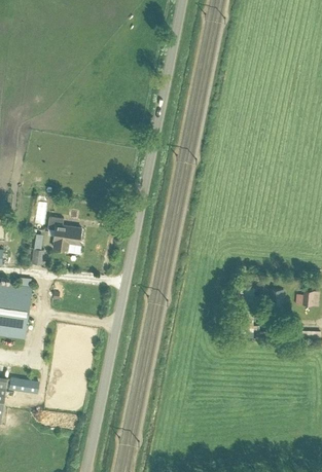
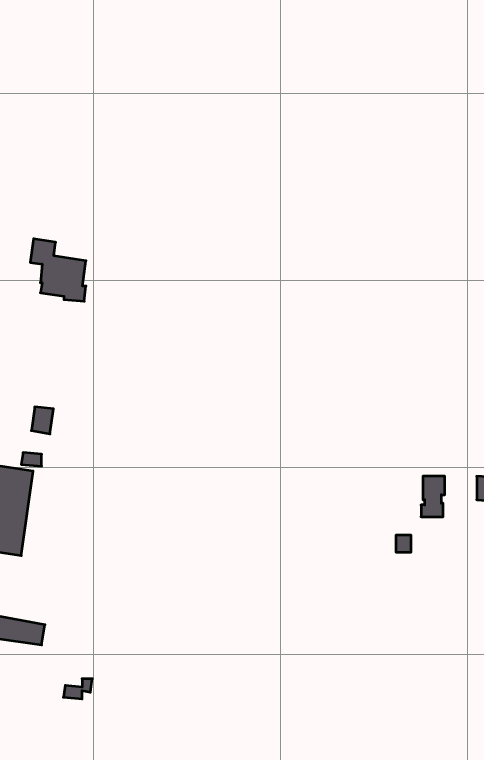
building: [47,215,81,253] -> [30,239,86,301]

